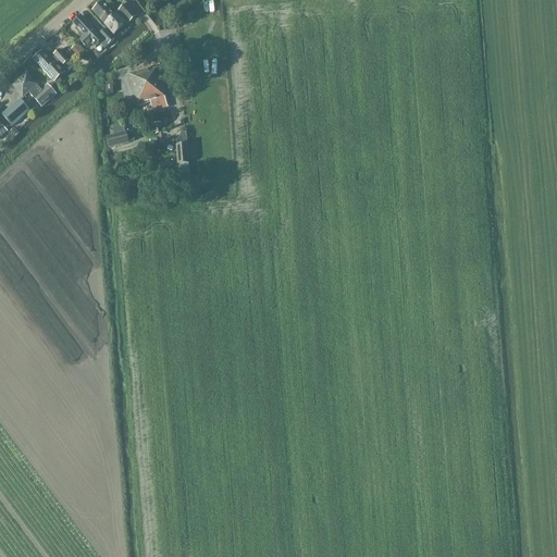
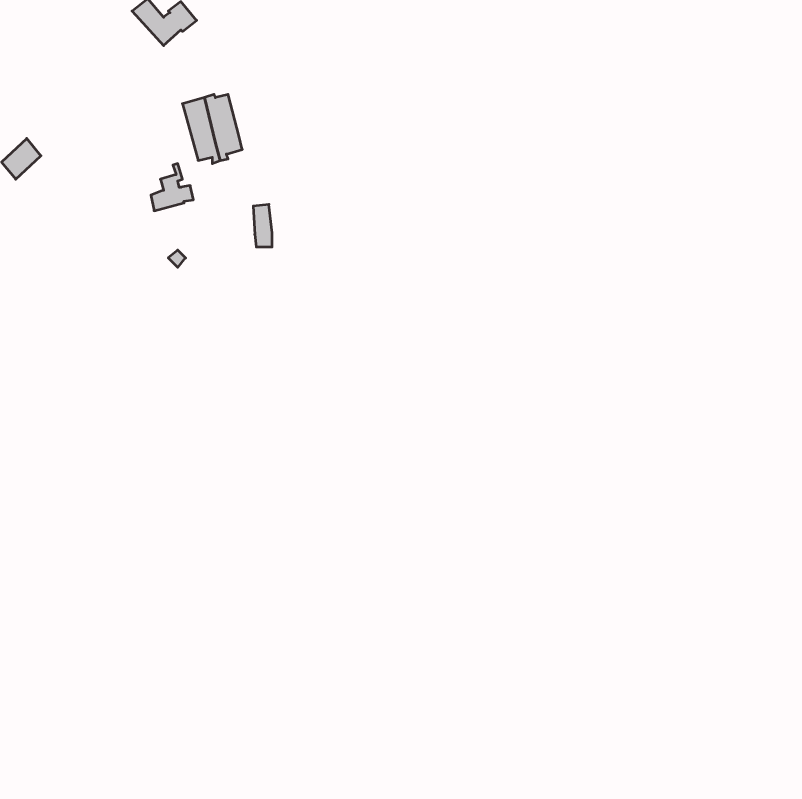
building: [72,13,113,46] -> none
building: [33,47,73,83] -> none
building: [11,70,54,104] -> none

